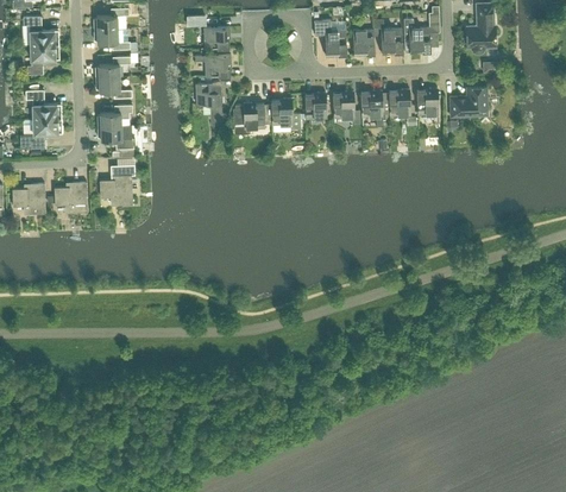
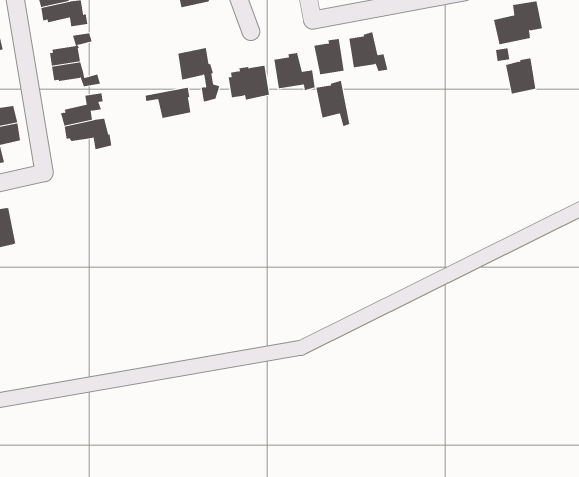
building: [195,56,231,77] -> [145,87,191,119]
building: [416,89,438,115] -> [505,58,536,94]
building: [360,90,383,127] -> [316,80,350,127]
building: [389,90,410,116] -> none
building: [99,165,134,206] -> none
building: [54,182,87,213] -> none

